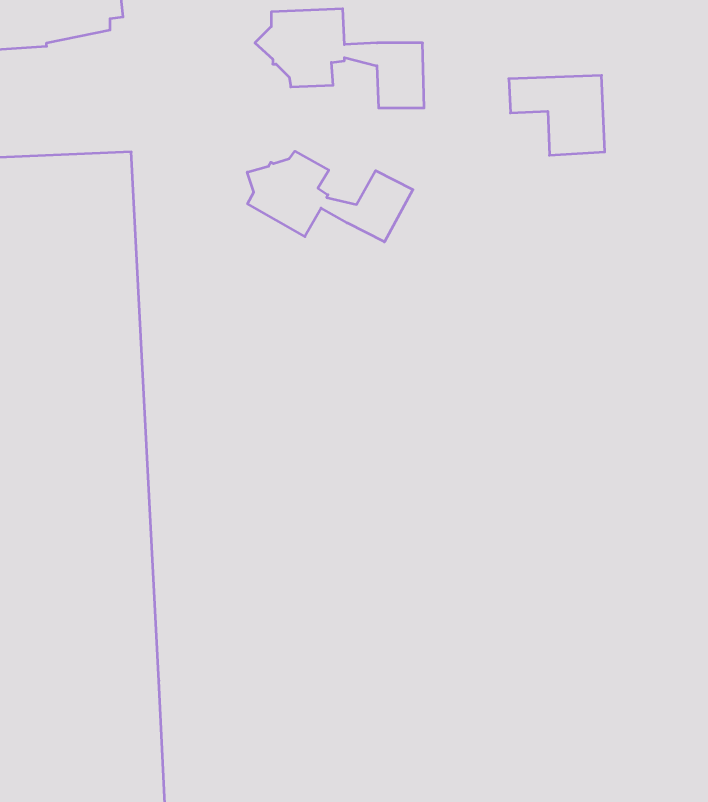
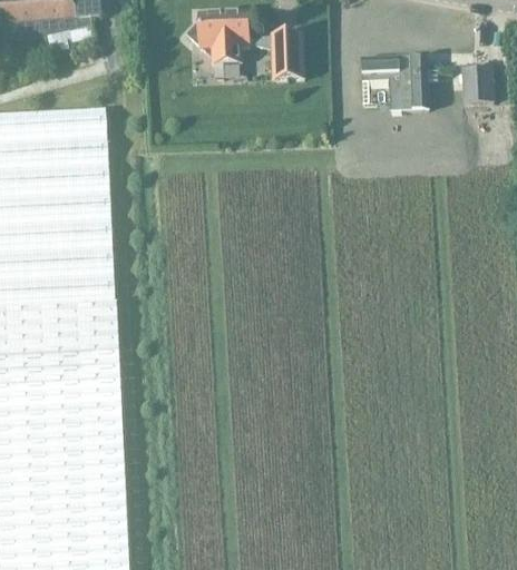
building: none -> [462,65,494,102]
building: [247,151,413,242] -> none

